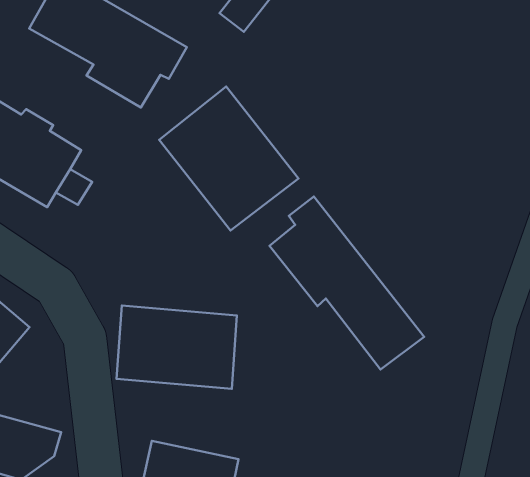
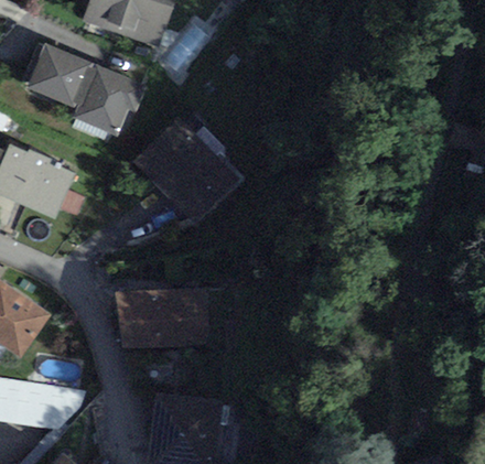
building: [270,197,424,370] -> none

